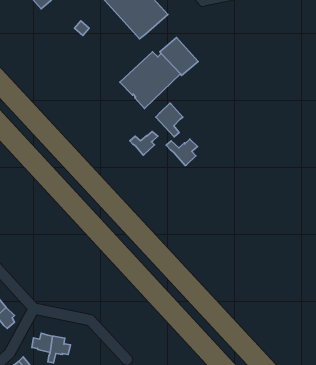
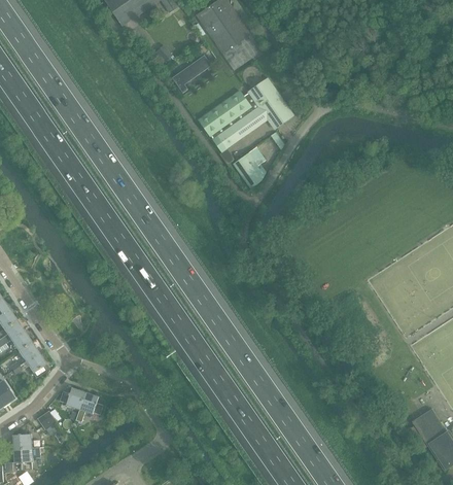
building: none -> [172,55,212,93]
building: [130,131,158,155] -> none
building: [166,139,198,166] -> none

